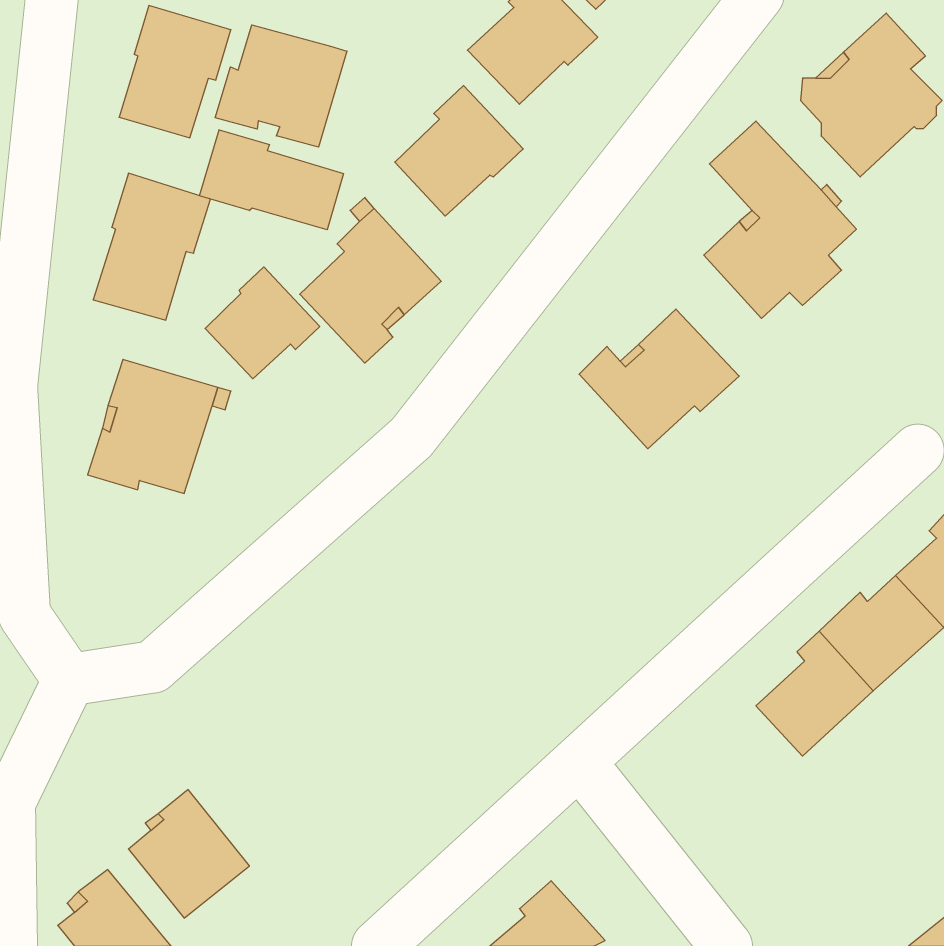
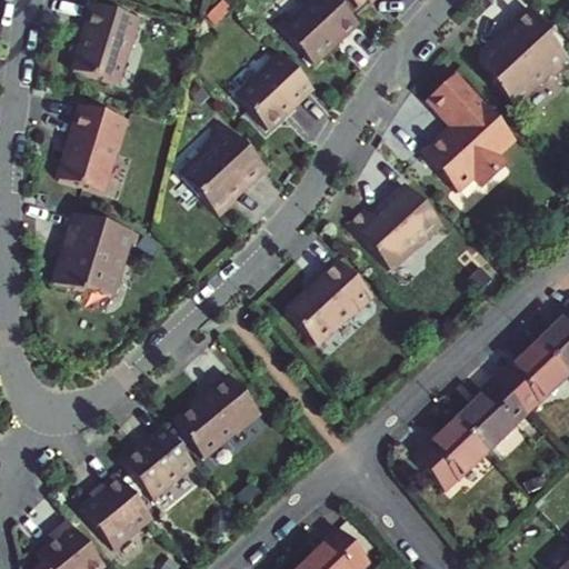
building: [215,25,347,147] -> none
building: [199,130,343,230] -> none
building: [205,267,320,379] -> none
building: none -> [288,259,376,343]
building: none -> [177,373,263,456]
building: none -> [416,421,483,483]
building: none -> [121,423,194,496]

